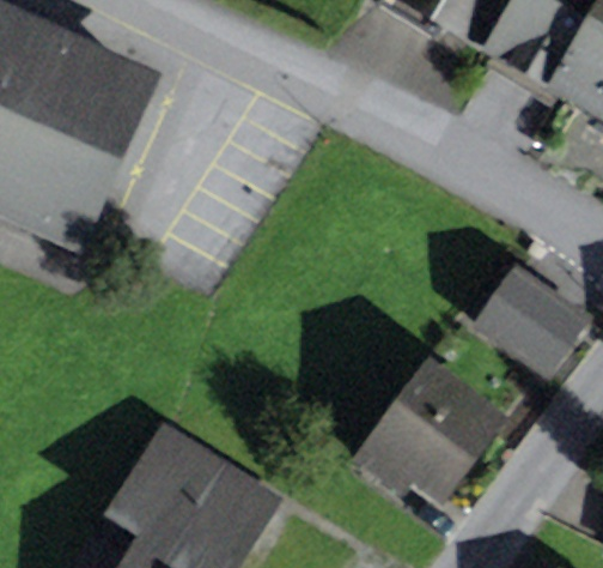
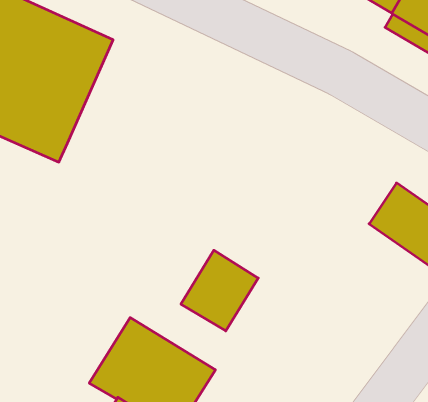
building: none -> [181,250,258,331]
building: [361,368,492,488] -> none

